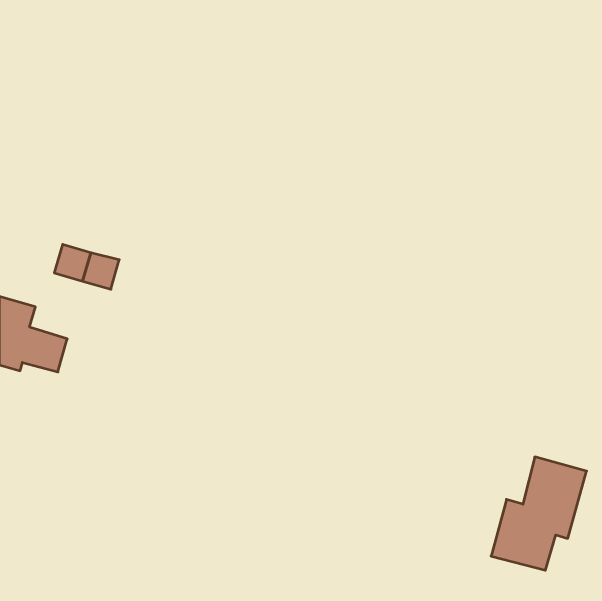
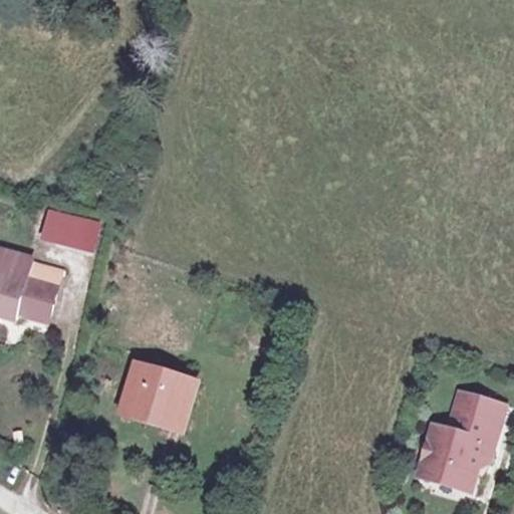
building: none -> [130,368,199,428]

